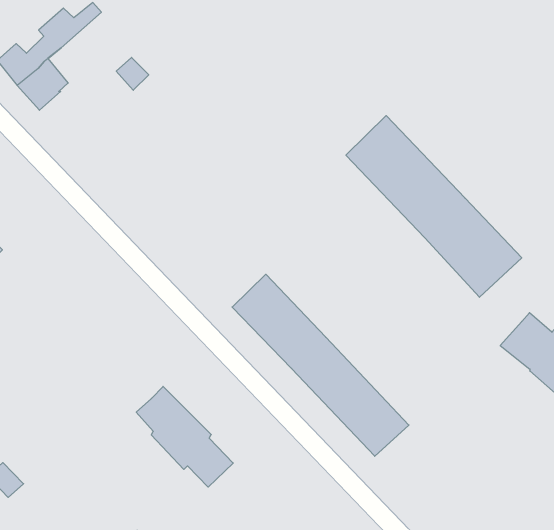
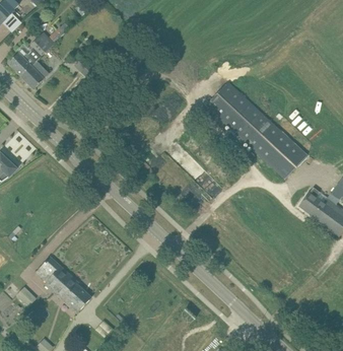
building: [232,274,409,456] -> none
building: [136,386,233,487] -> [36,257,91,311]

